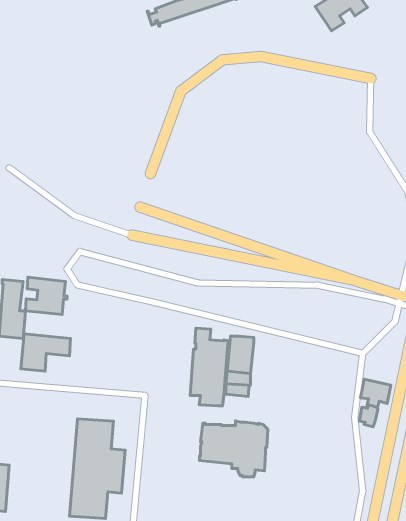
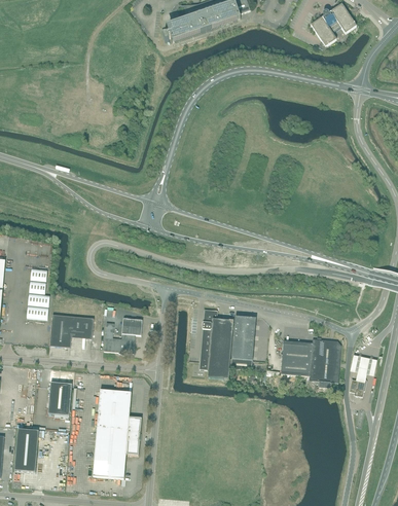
building: [25,277,67,314] -> none
building: none -> [104,318,143,354]
building: none -> [48,382,72,414]
building: [199,421,268,477] -> [281,337,341,387]

